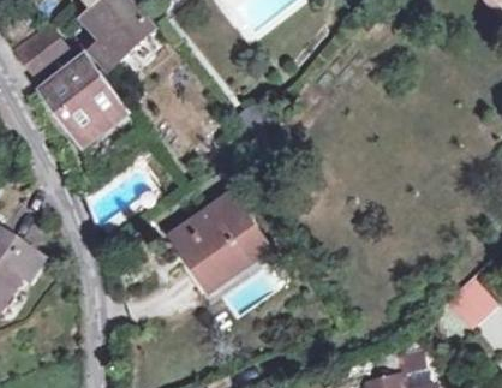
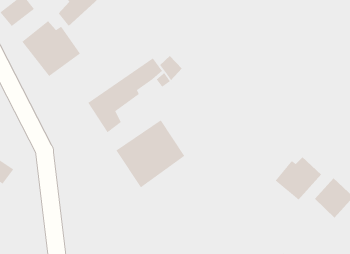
building: none -> [87,57,163,133]
building: none -> [275,157,322,200]

